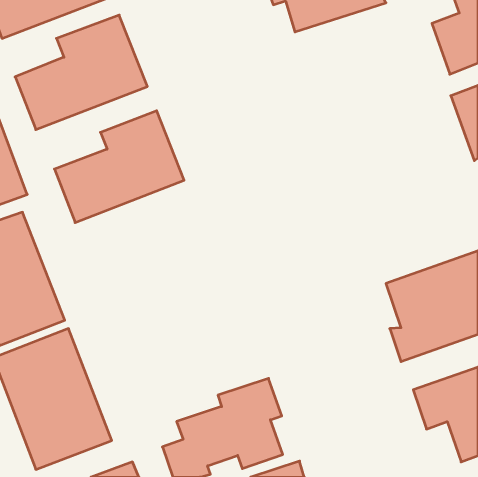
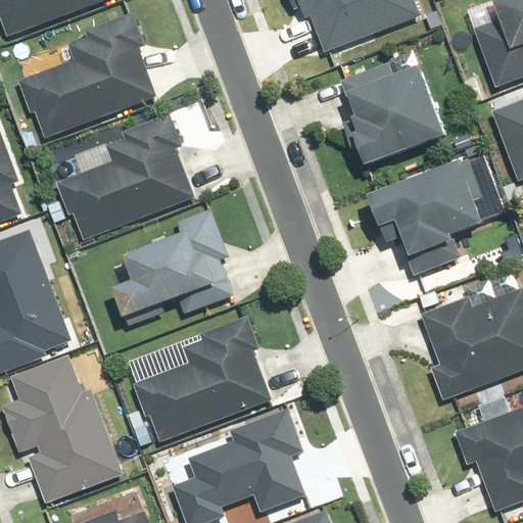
building: none -> [329,55,449,160]
building: none -> [372,162,493,265]
building: none -> [124,210,236,323]
building: none -> [133,316,273,439]

